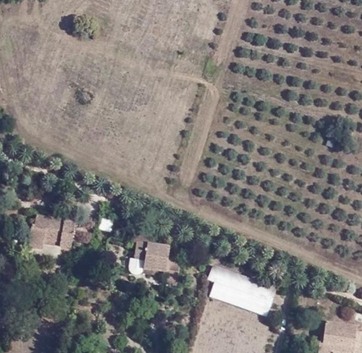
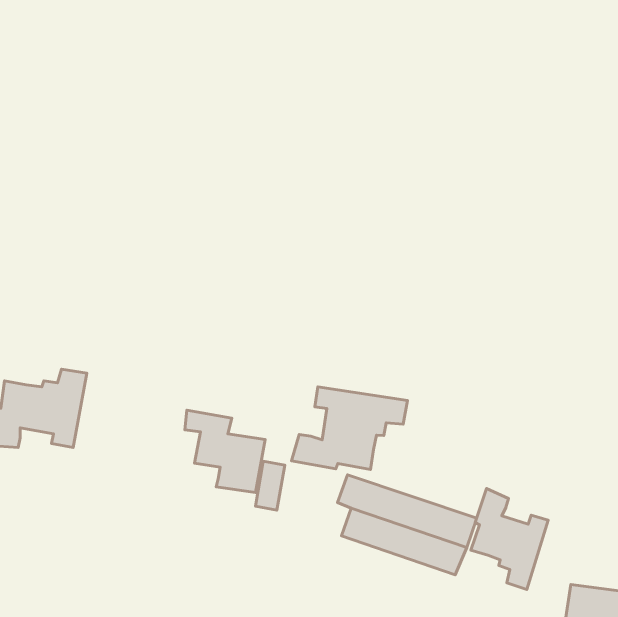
building: none -> [291,387,408,470]
building: none -> [471,488,548,590]

